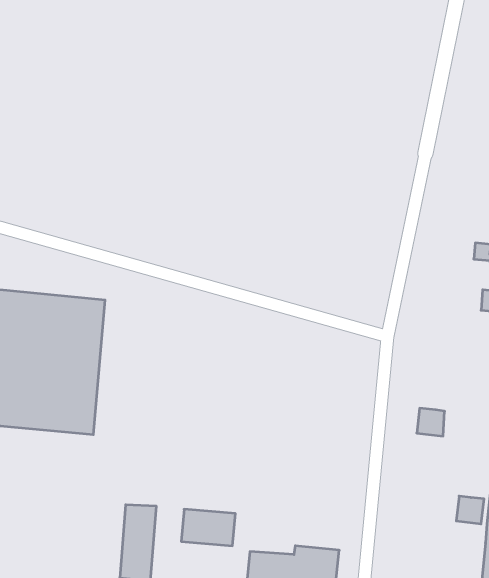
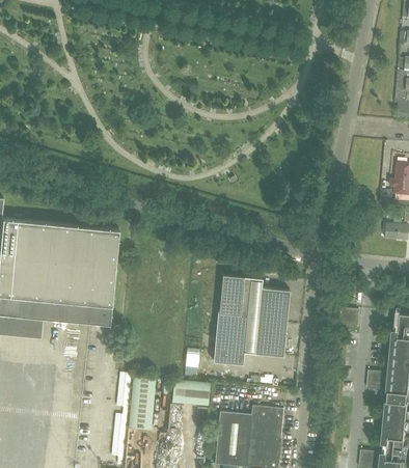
building: none -> [213,274,288,363]

